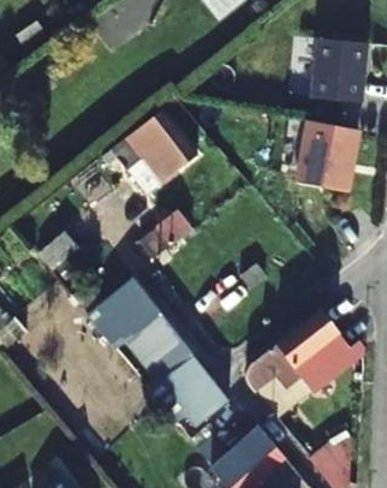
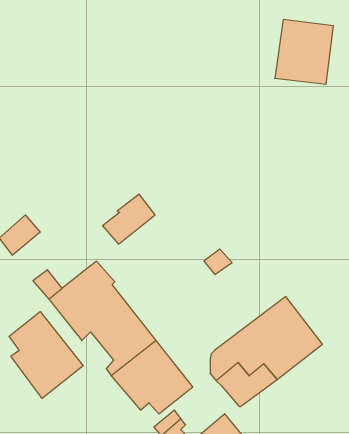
building: [103,112,198,195] -> none
building: [297,119,358,190] -> none
building: none -> [9,312,83,398]

